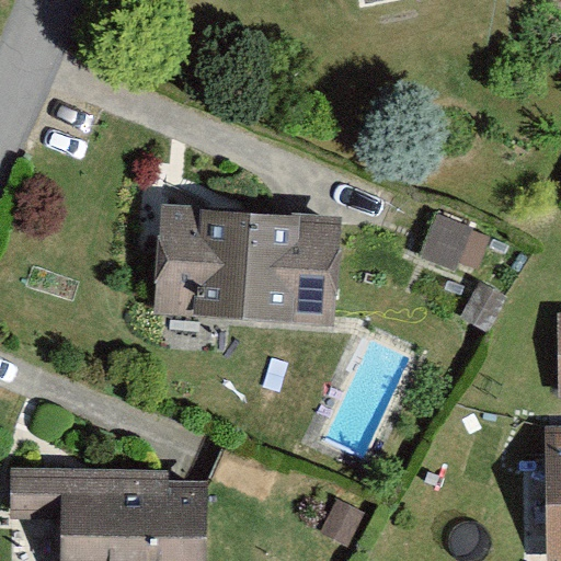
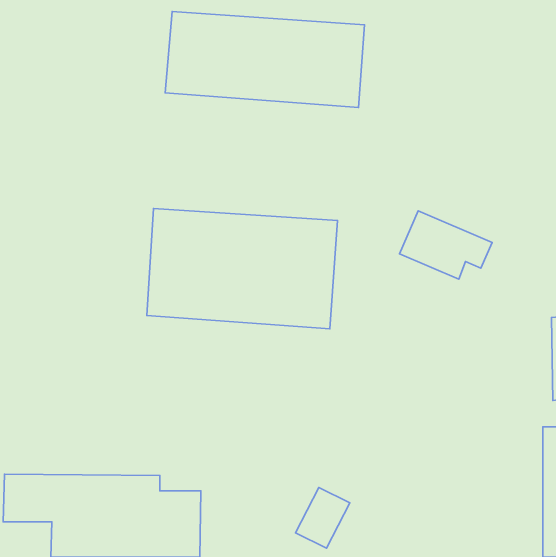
building: none -> [165,11,365,108]

